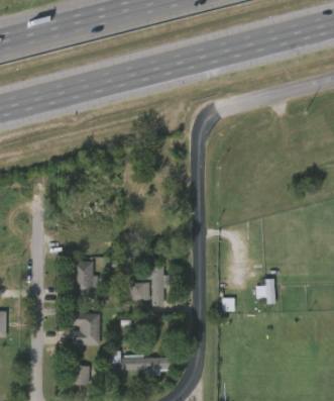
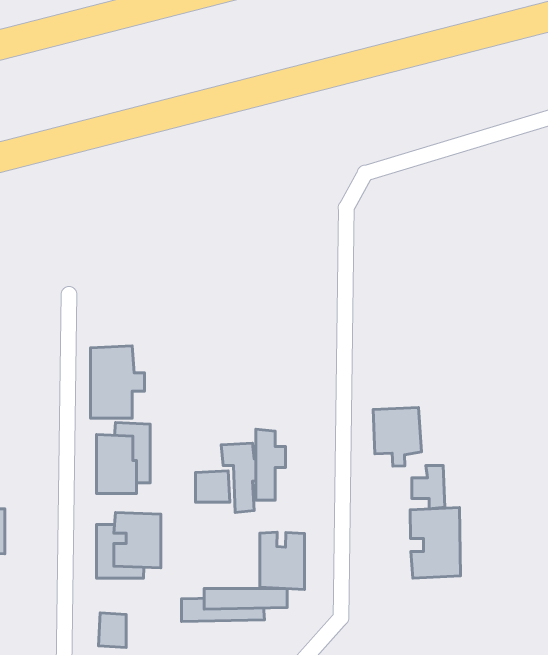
building: none -> [90,346,145,418]
building: none -> [373,408,422,466]
building: none -> [410,508,460,578]
building: none -> [260,532,305,589]

